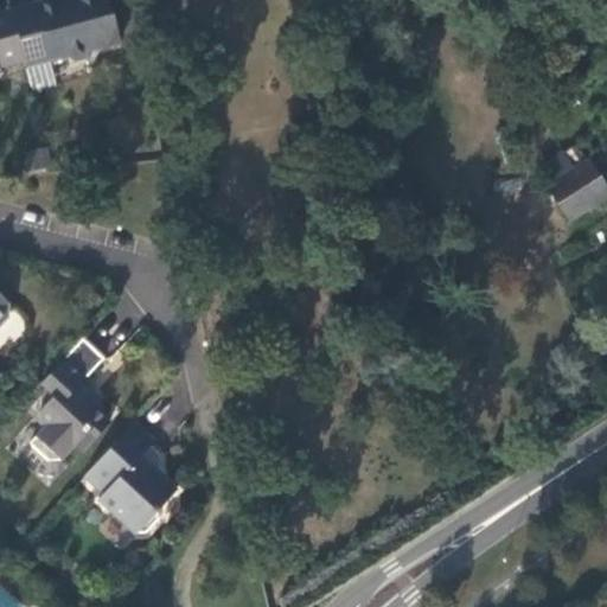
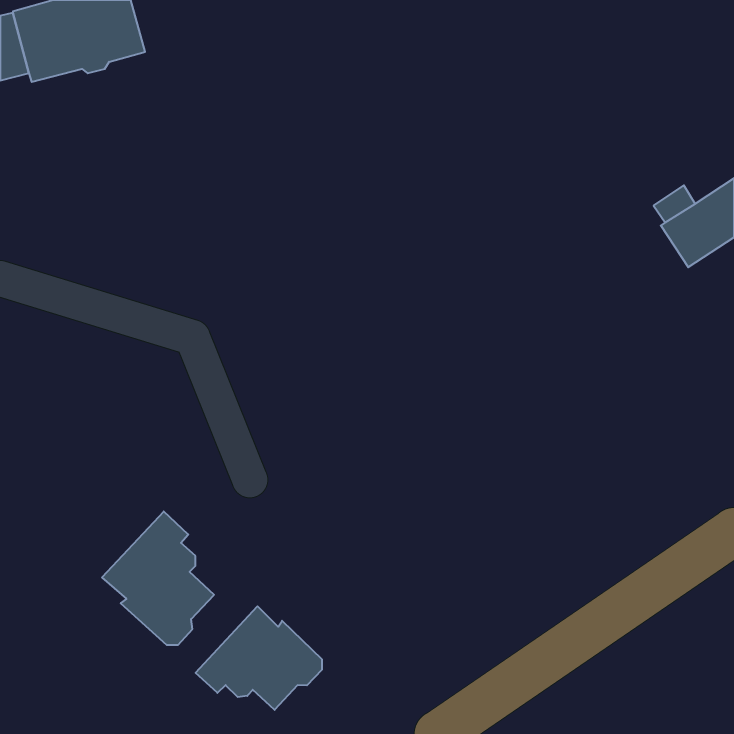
building: [30,339,109,461] -> none
building: none -> [196,606,322,710]

